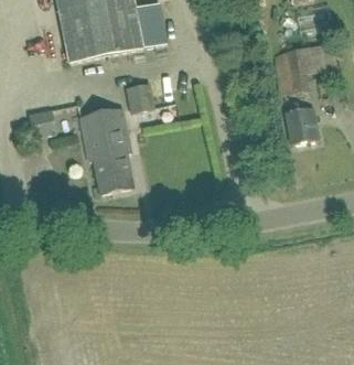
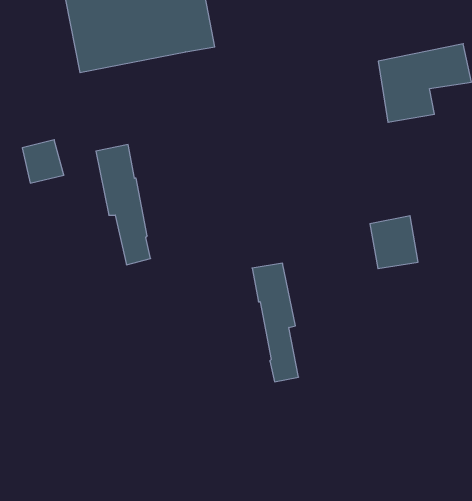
building: [127,84,155,112] -> none
building: [286,106,319,142] -> [370,216,418,269]
building: [101,107,133,189] -> [252,263,299,382]

